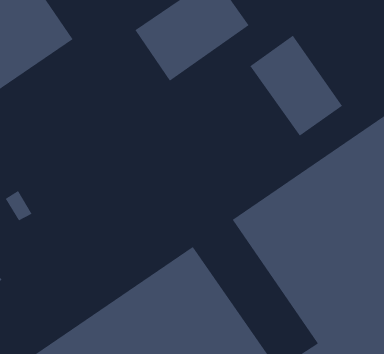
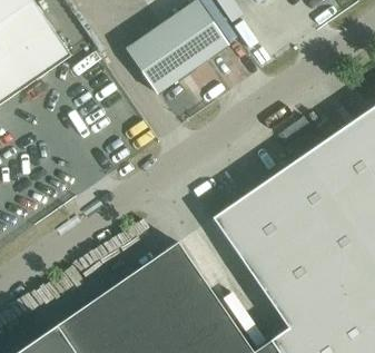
building: [250,35,343,136] -> none

